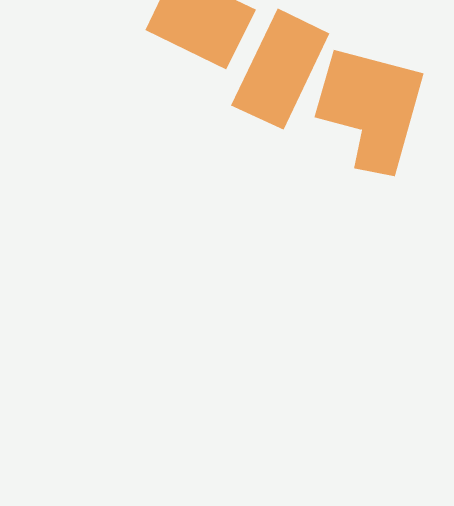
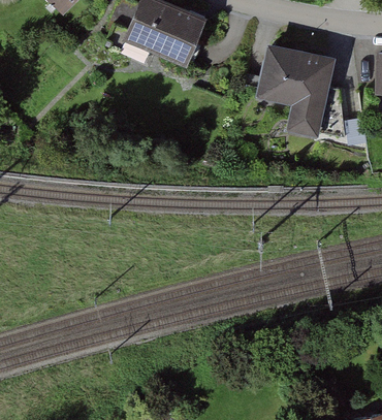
building: [230,8,330,130] -> none

